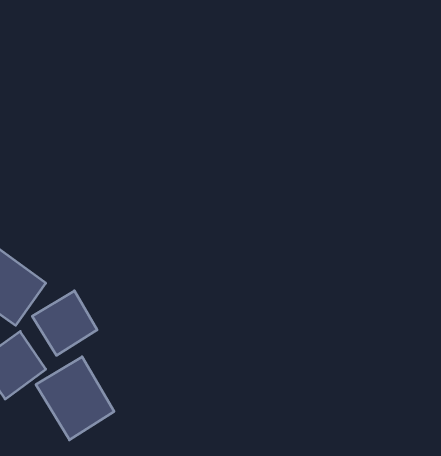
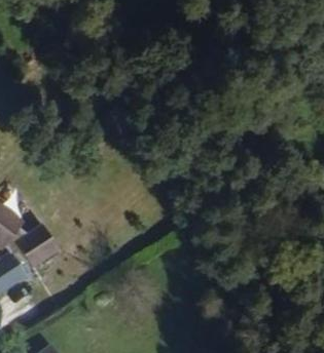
building: [36,357,114,440] -> none

